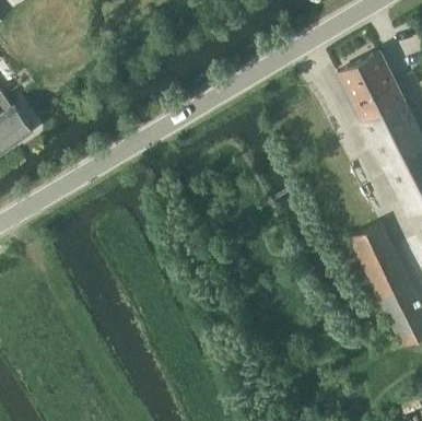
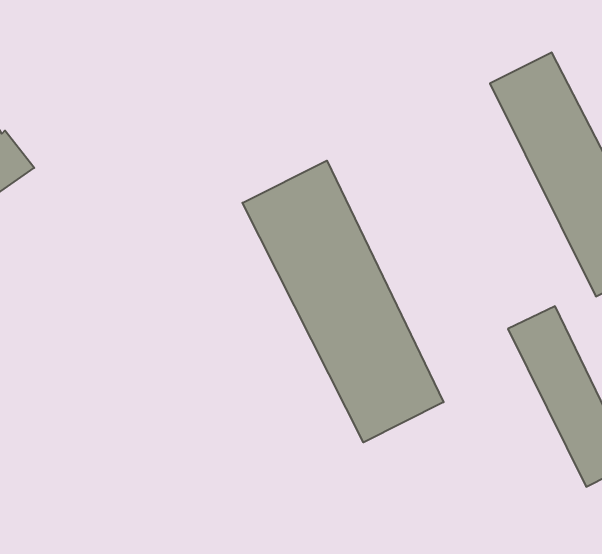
building: none -> [242,161,444,442]

